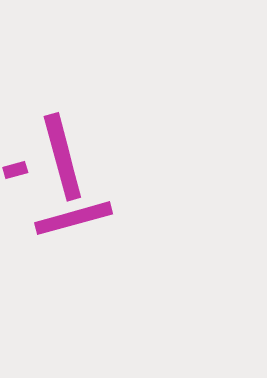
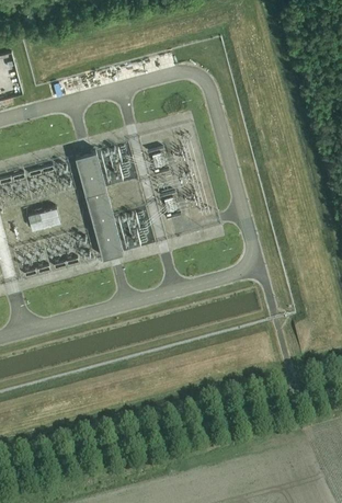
building: [33,200,114,236] -> none

